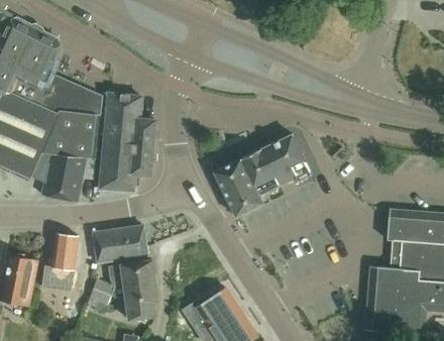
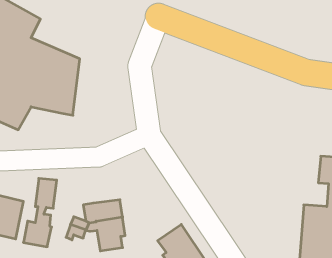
building: [95,93,154,190] -> none
building: [213,134,311,216] -> none
building: [32,149,86,201] -> none
building: [94,225,148,261] -> none

